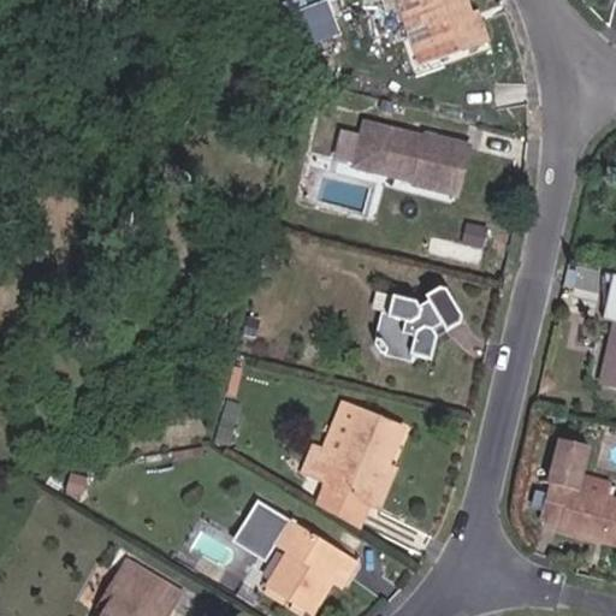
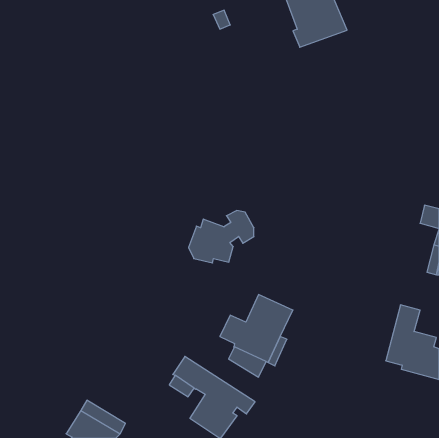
building: [356,124,470,195] -> none
building: [372,282,463,355] -> [189,211,254,263]

